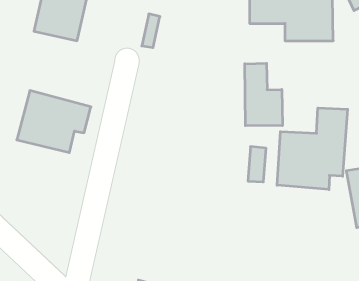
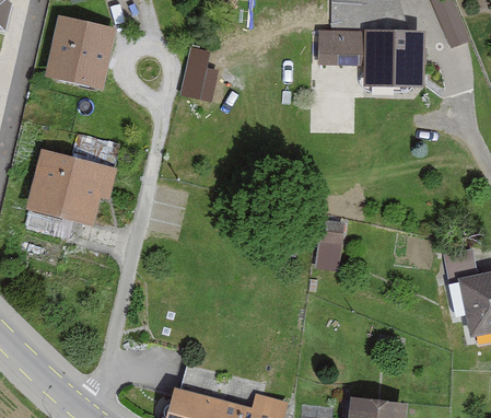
building: [245,63,282,126] -> none
building: [277,108,348,190] -> none

